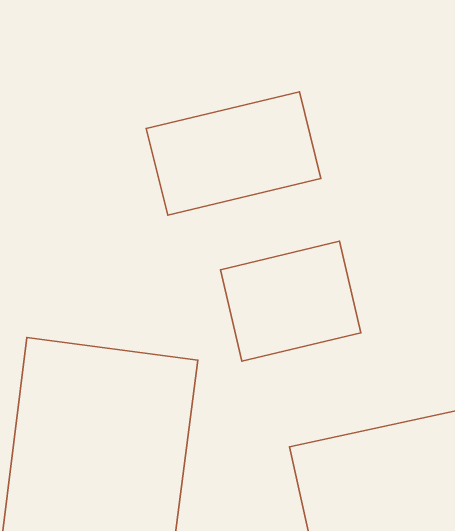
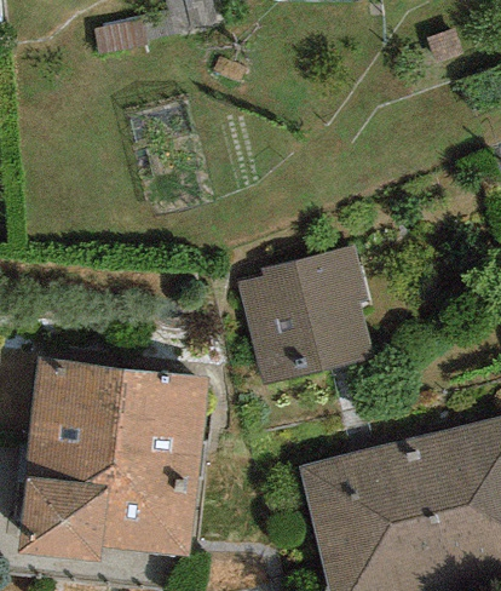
building: [146,92,321,215] -> none

